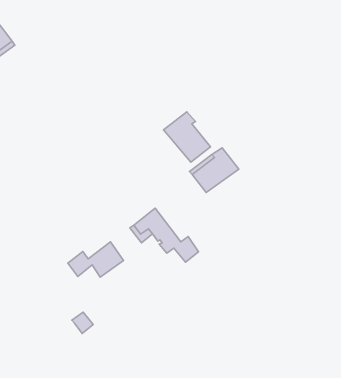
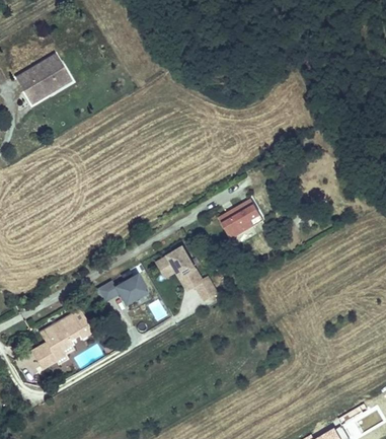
building: [164,112,210,162] -> none
building: none -> [31,309,92,368]

